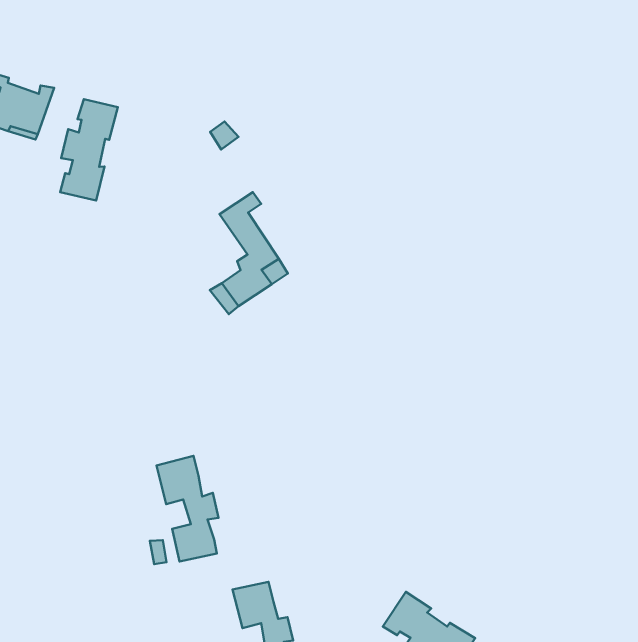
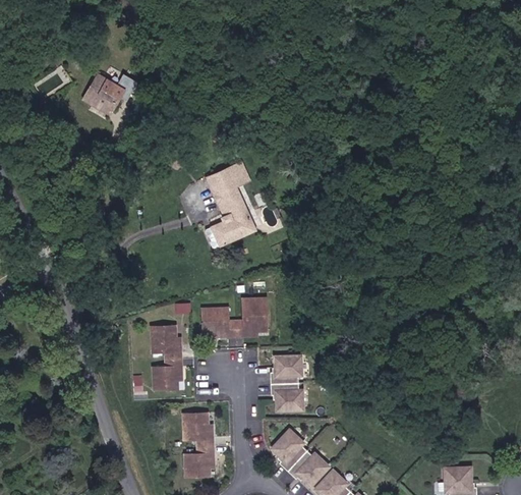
building: [60,99,118,200] -> none
building: none -> [204,287,268,332]
building: none -> [273,362,305,417]

